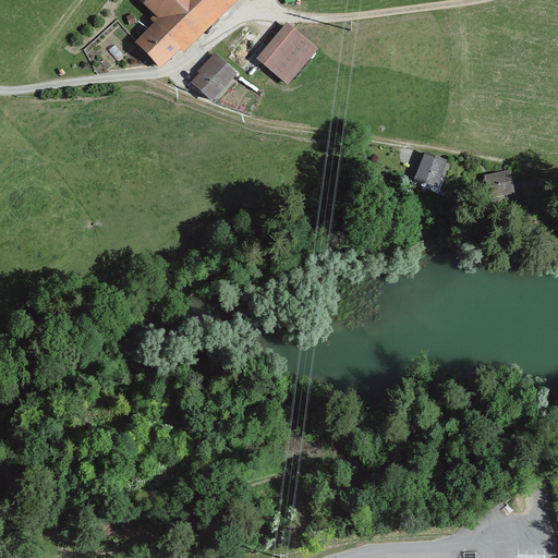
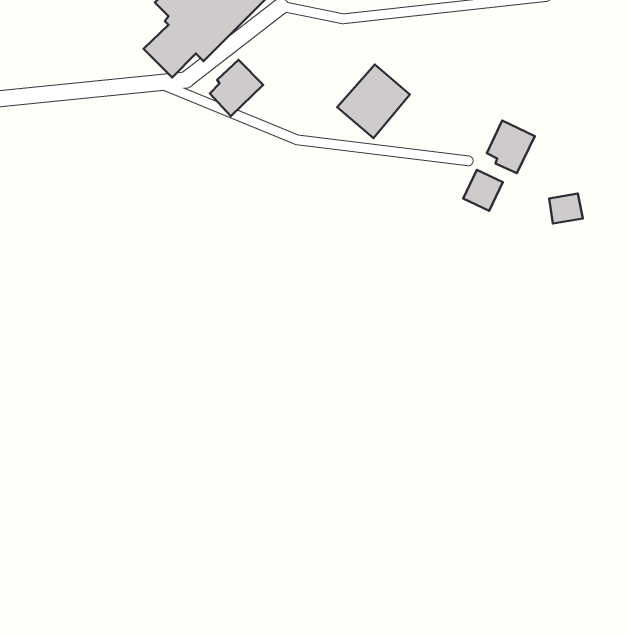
building: [255,21,318,85] -> [337,65,410,138]
building: none -> [487,121,535,173]

